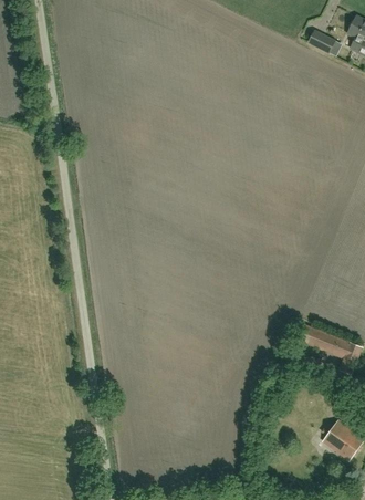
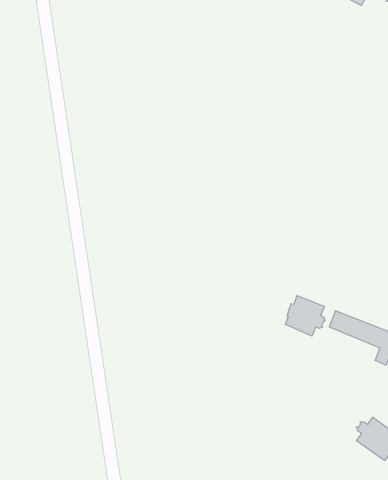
building: none -> [285,296,325,336]

